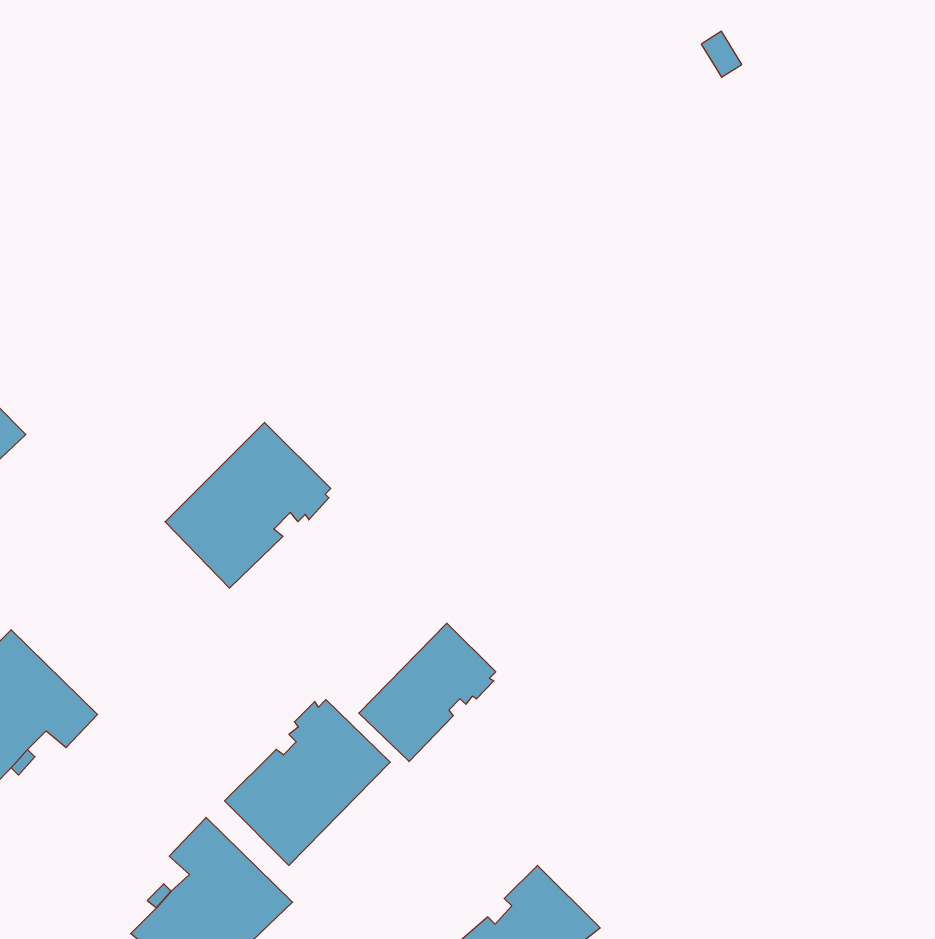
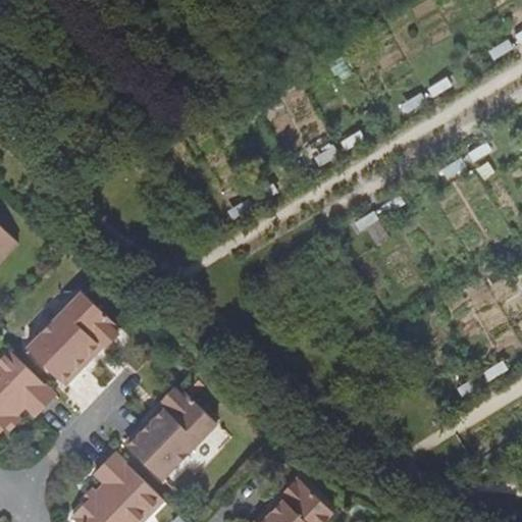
building: [165,422,331,588] -> [28,294,119,385]
building: [359,623,496,762] -> none

